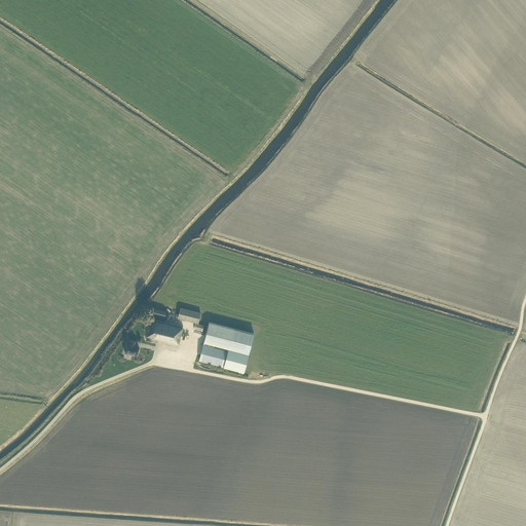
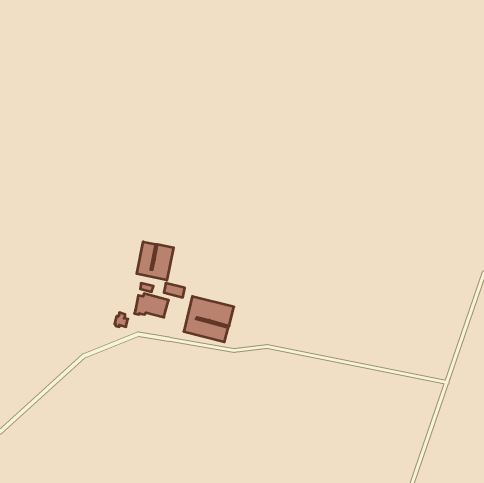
building: none -> [137,242,174,280]

